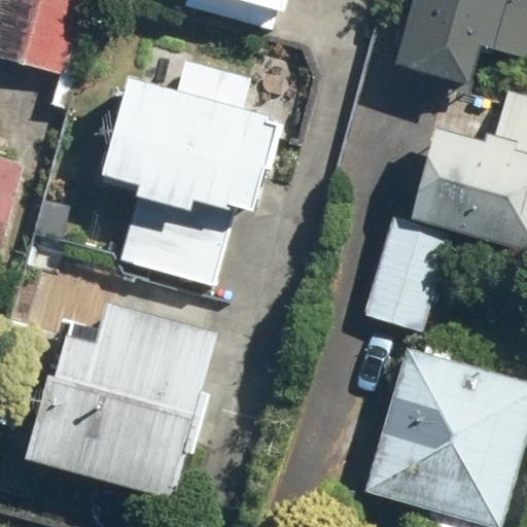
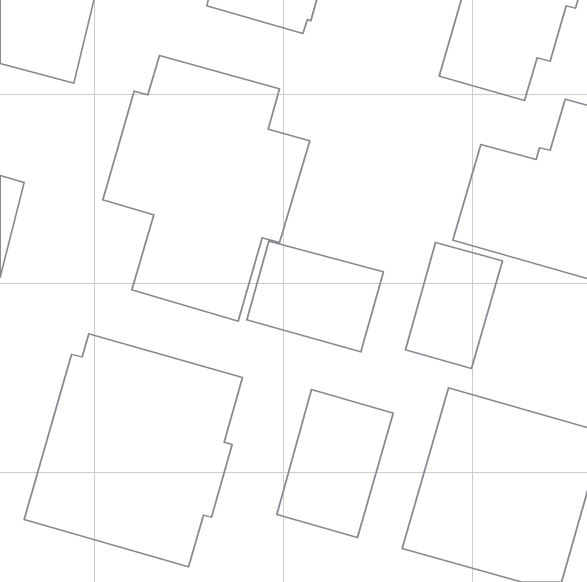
building: none -> [247,241,384,352]
building: none -> [277,389,393,537]

